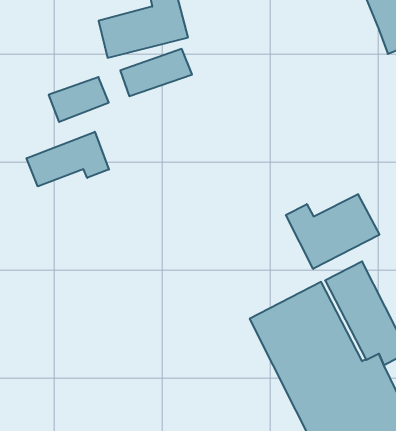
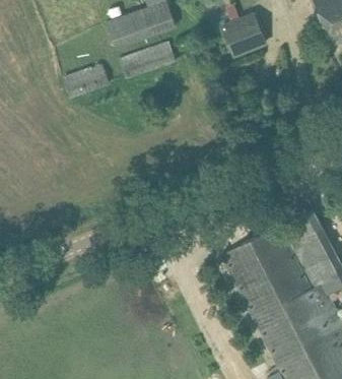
building: none -> [221,12,267,56]
building: [27,132,109,186] -> none
building: [286,194,379,269] -> none

